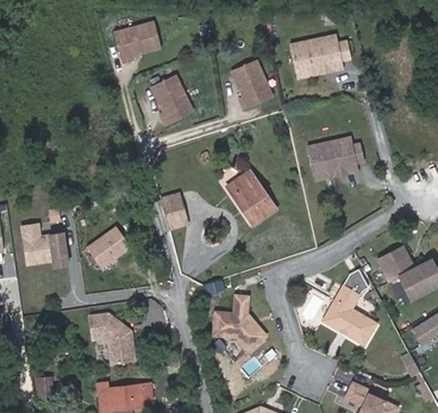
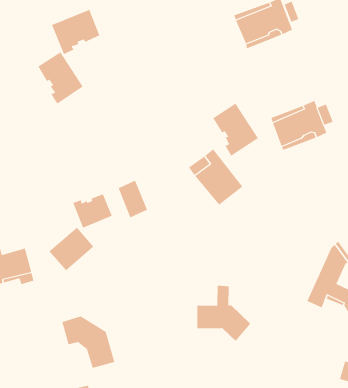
building: [229,58,270,108] -> [213,103,259,156]
building: [149,75,190,125] -> [37,51,84,105]
building: none -> [72,194,113,228]

